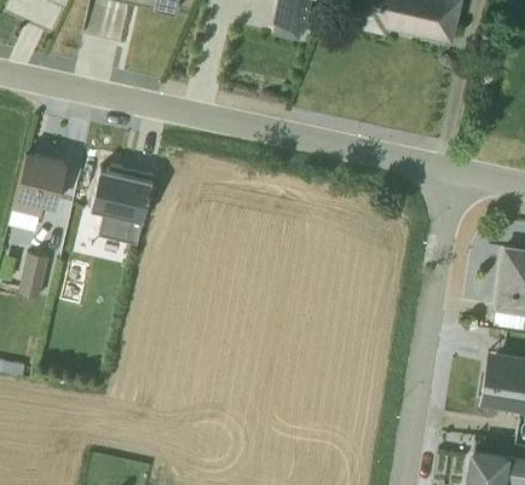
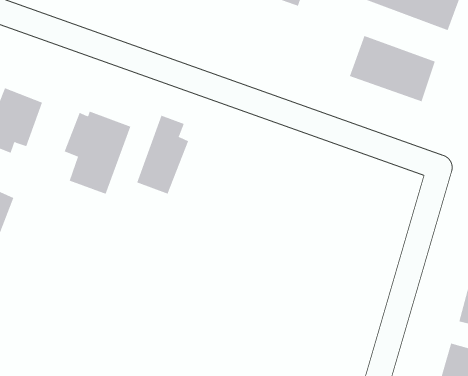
building: none -> [349,35,435,102]
building: none -> [137,115,189,194]

